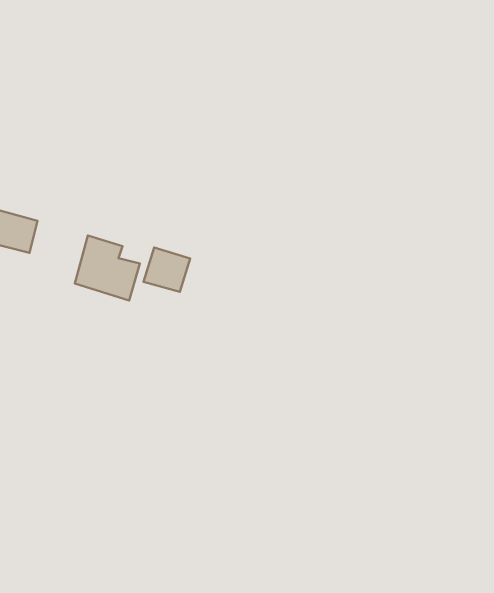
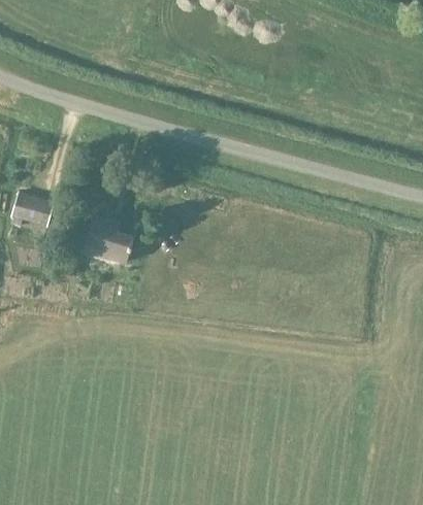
building: [143,247,190,292] -> none

